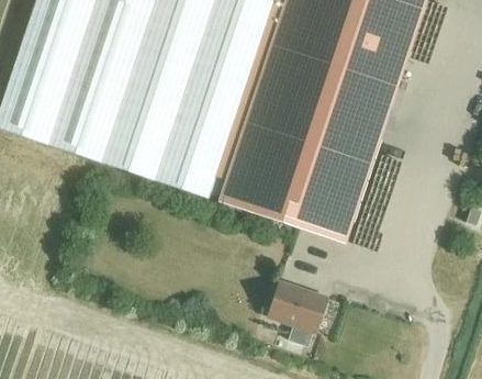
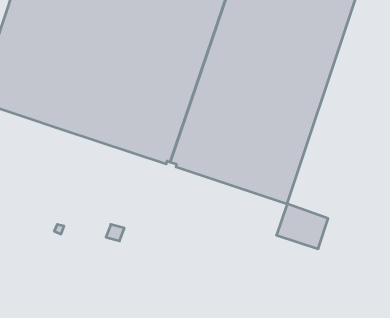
building: [269,280,327,331] -> [276,204,328,249]

